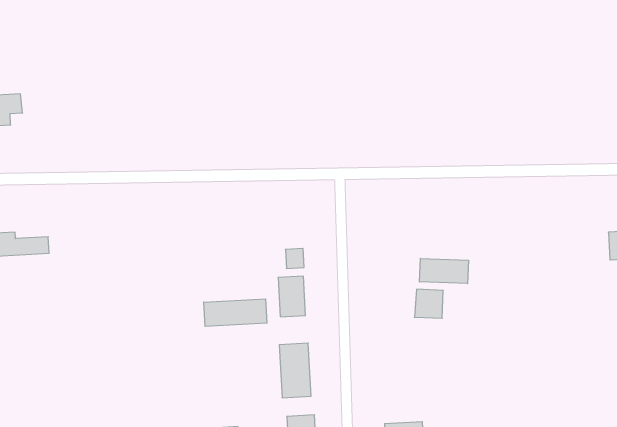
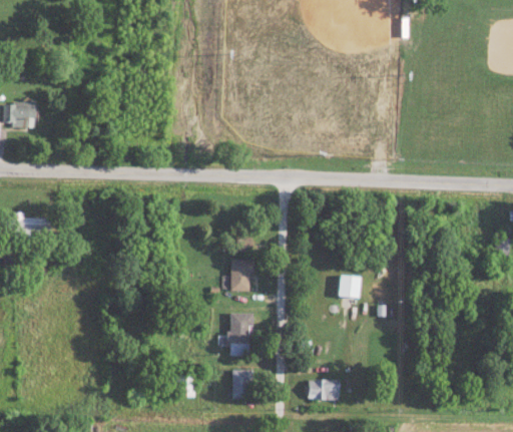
building: [420,258,468,284] -> none
building: [204,299,267,326] -> none

